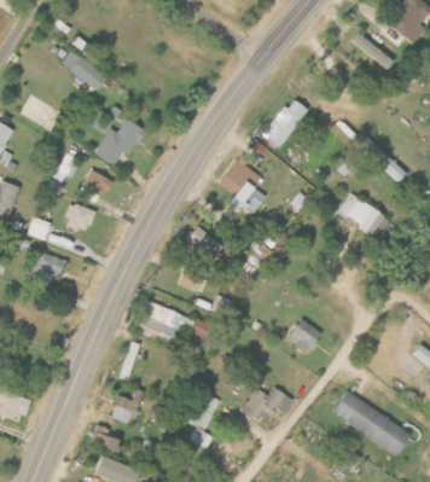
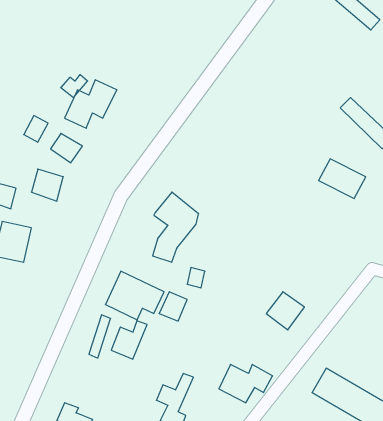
building: [60,50,108,91] -> none
building: [263,97,308,146] -> none
building: [217,159,267,214] -> none
building: [110,389,144,425] -> [111,321,147,359]

